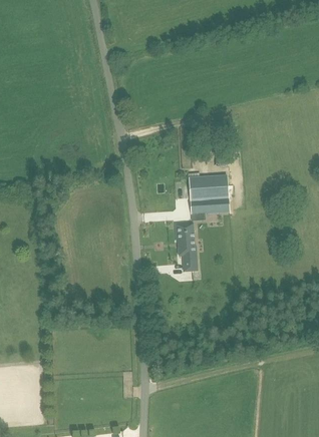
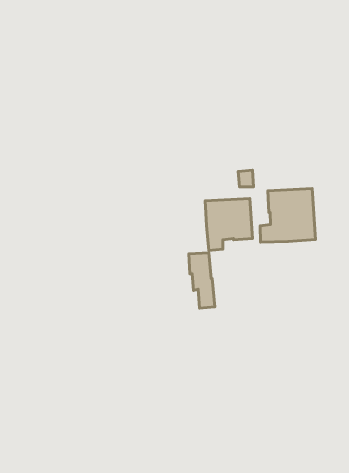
building: none -> [260,188,315,242]

